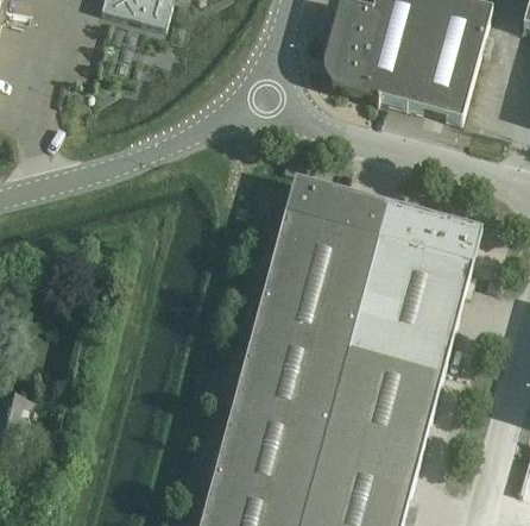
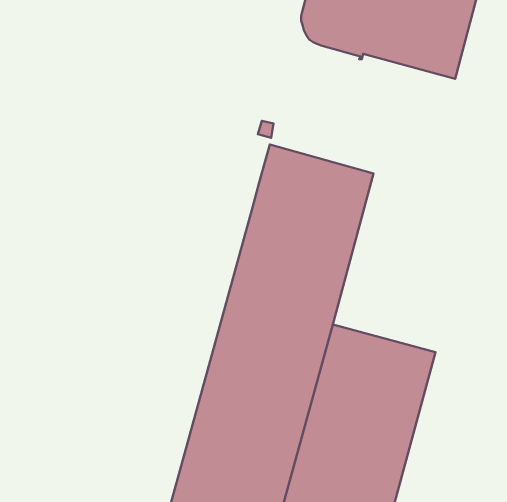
building: [352,202,482,364] -> none

